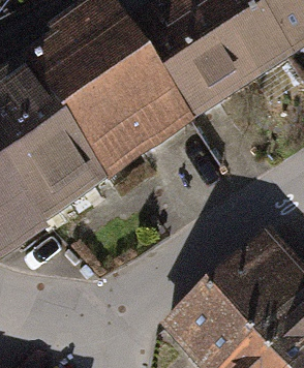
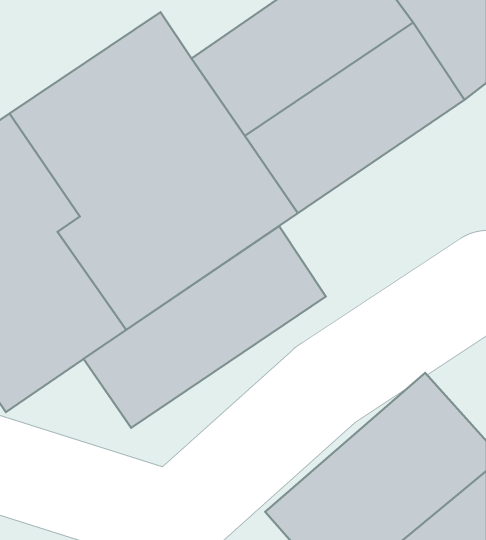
building: none -> [84,226,326,428]

